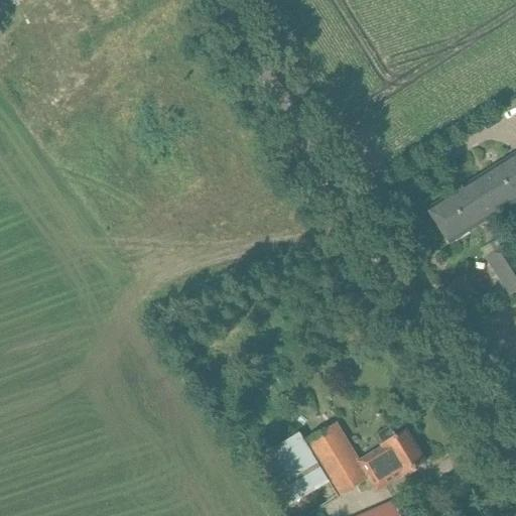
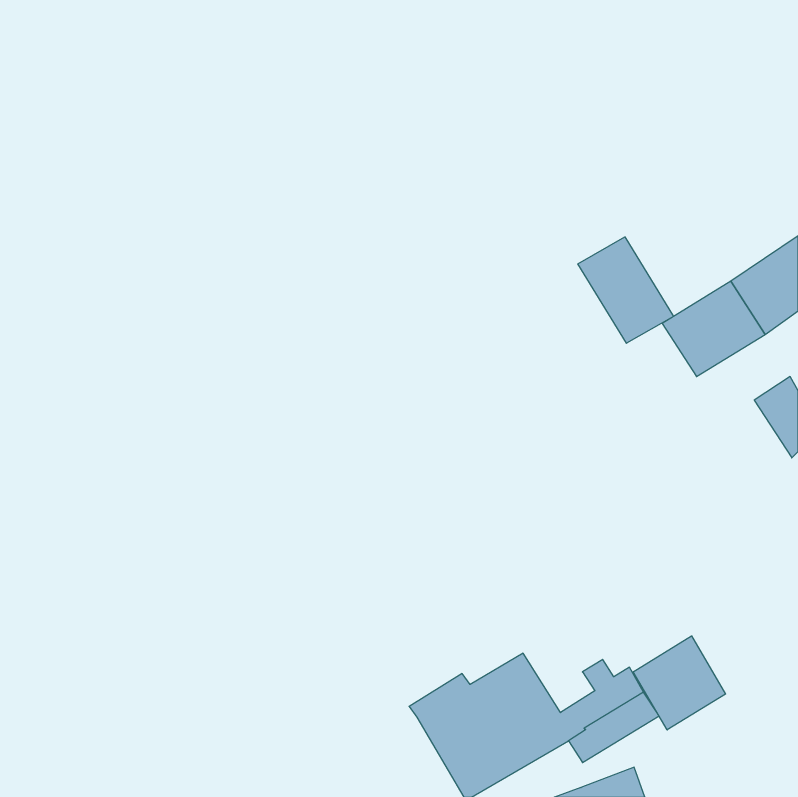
building: none -> [578,237,674,343]
building: none -> [633,636,726,730]

